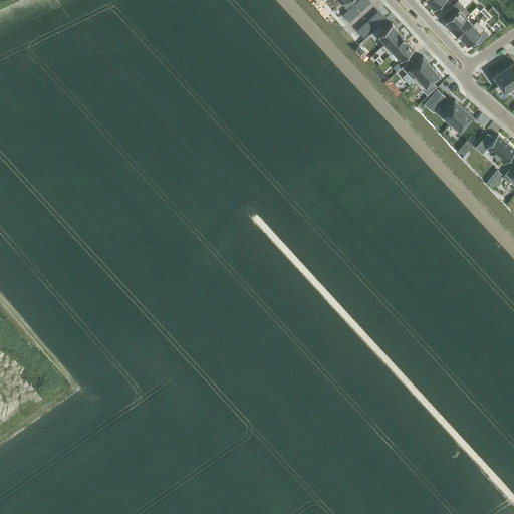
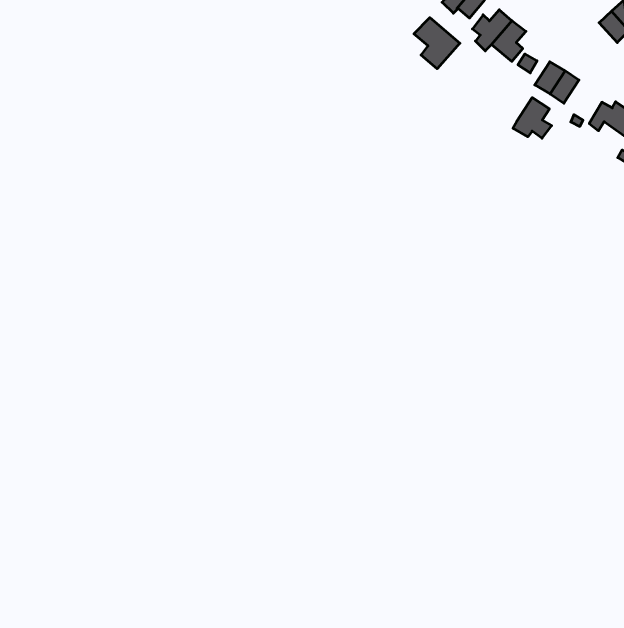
building: none -> [414,18,460,69]
building: none -> [513,98,552,138]

